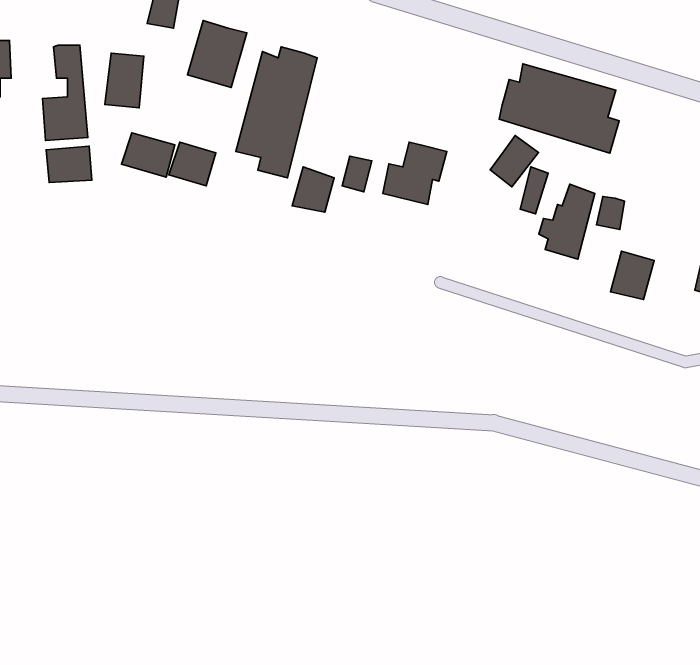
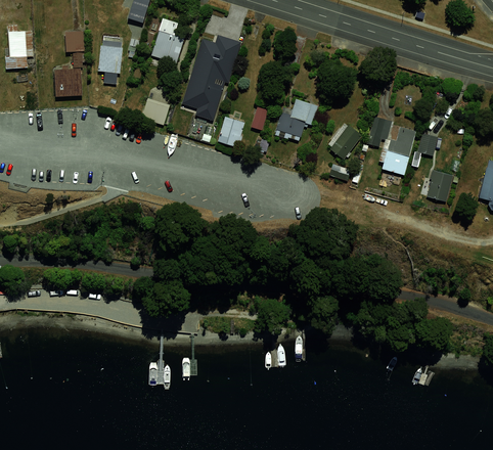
building: [499,64,619,153] -> none
building: [121,133,175,177] -> none
building: [490,135,538,187] -> [329,124,361,158]
building: [46,146,92,182] -> none

